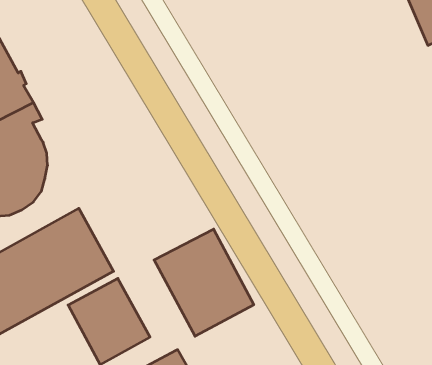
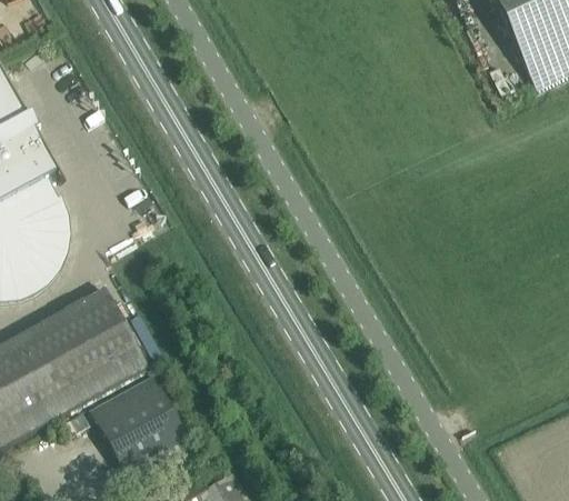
building: [154,229,254,336] -> none

